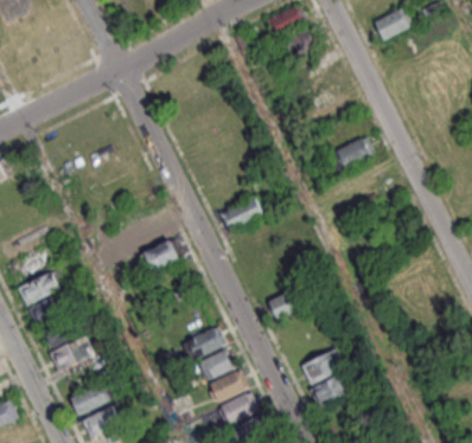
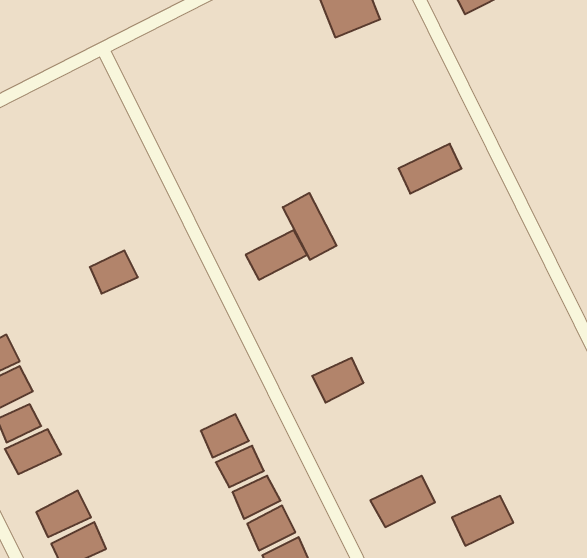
building: none -> [283,193,337,260]
building: [145,239,179,270] -> [90,251,138,294]
building: [302,349,346,385] -> [452,496,513,546]

